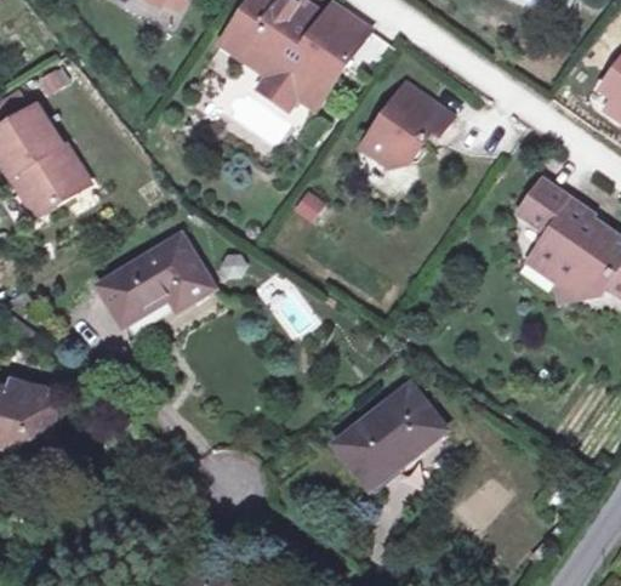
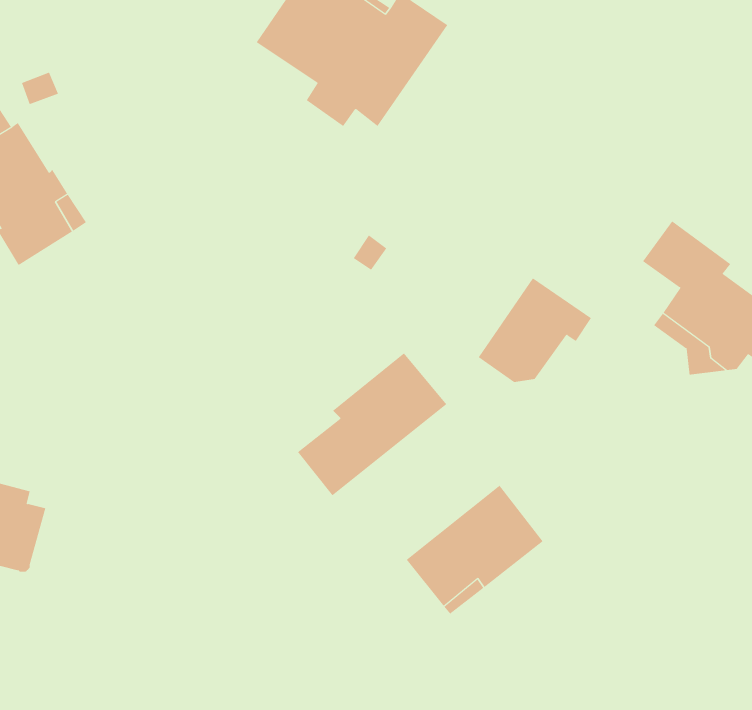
building: [361,84,450,165] -> [478,278,592,382]
building: [98,235,211,322] -> none
building: none -> [297,353,447,496]

